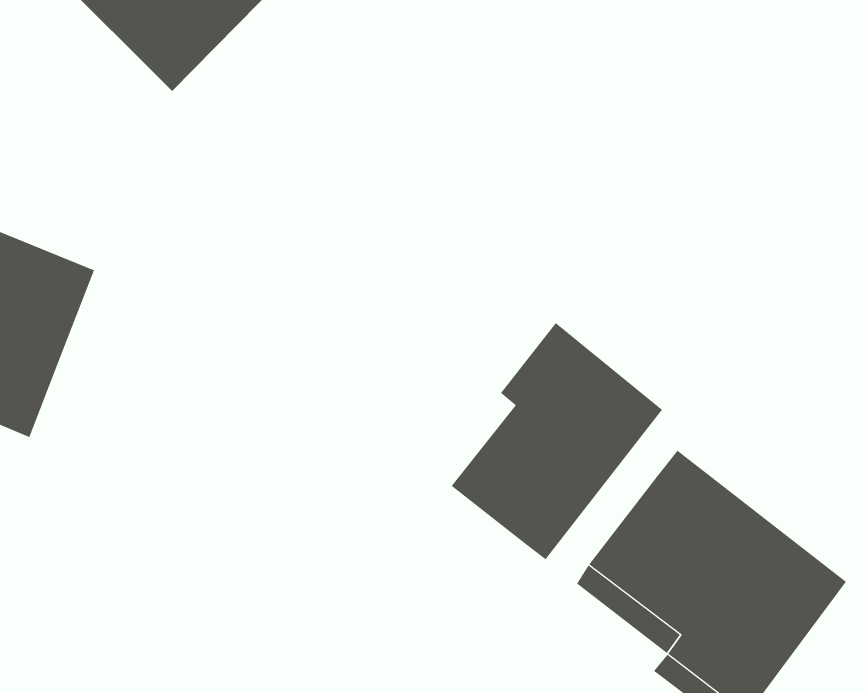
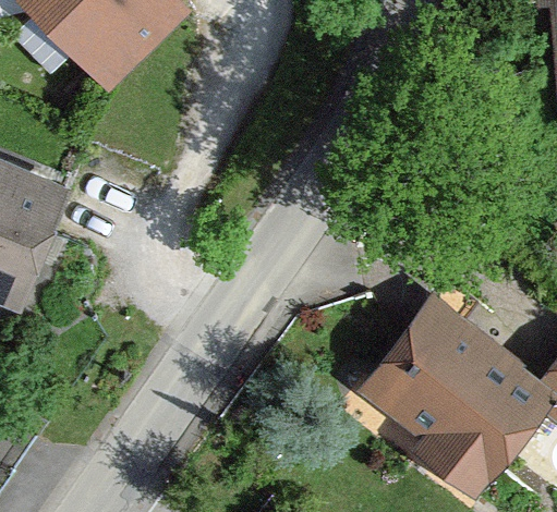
building: [451,322,663,560] -> none

